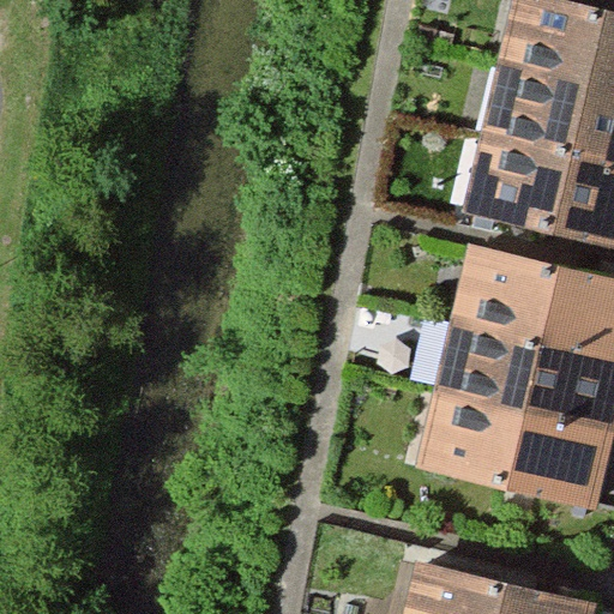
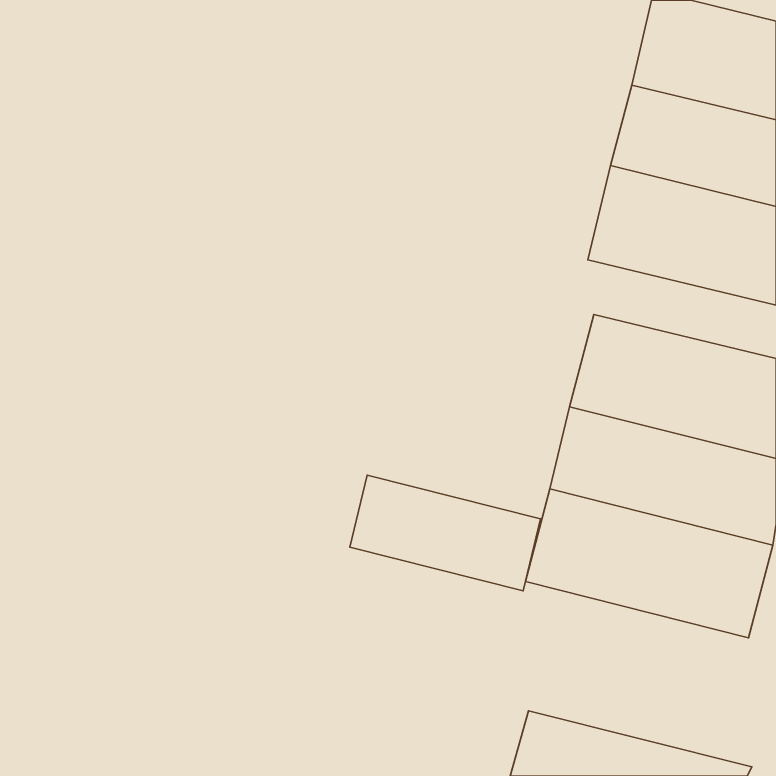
building: none -> [350,475,541,591]

